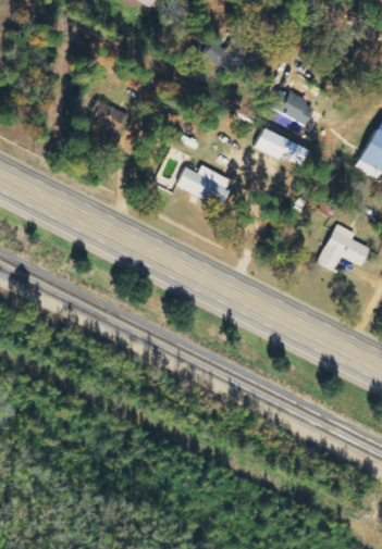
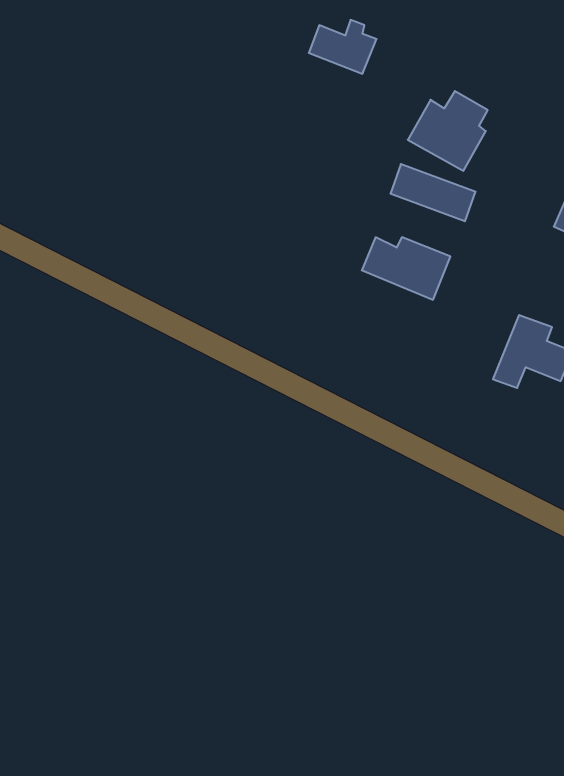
building: [86,101,126,149] -> none
building: [175,166,231,205] -> [362,237,450,300]

